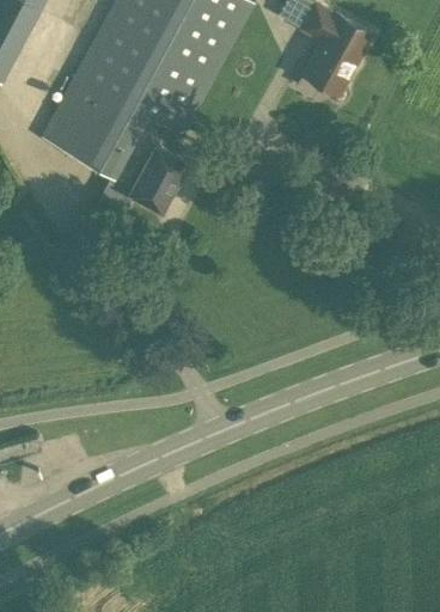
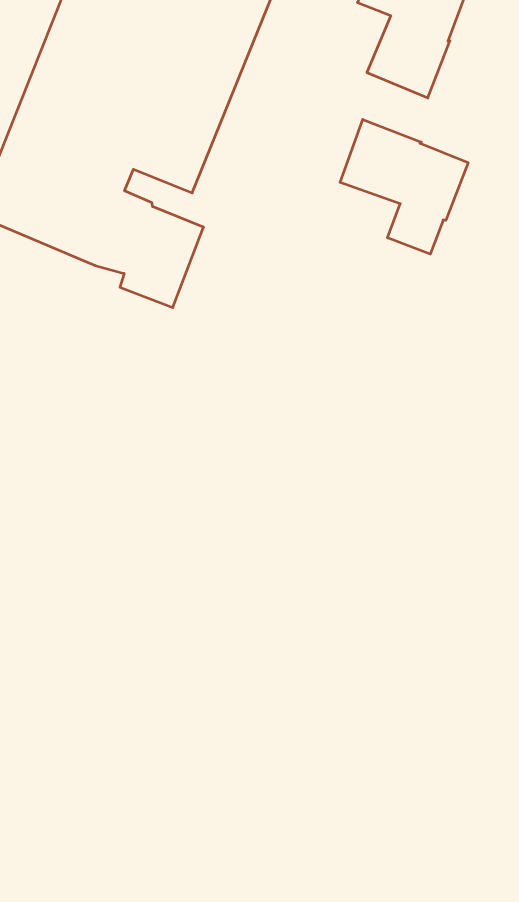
building: none -> [340,119,468,254]

